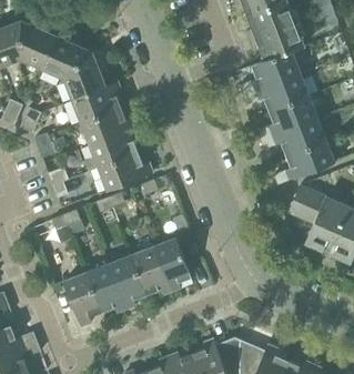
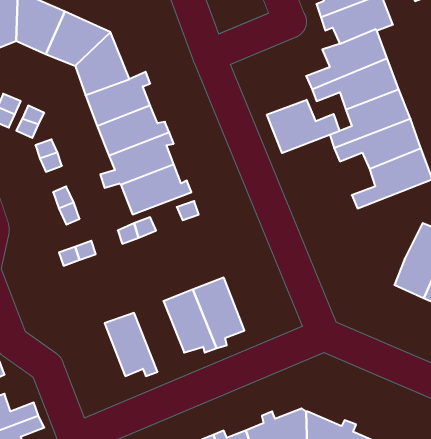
building: none -> [267,100,339,153]
building: [287,184,326,223] -> none
building: [109,255,146,309] -> none
building: [63,272,102,326] -> none

